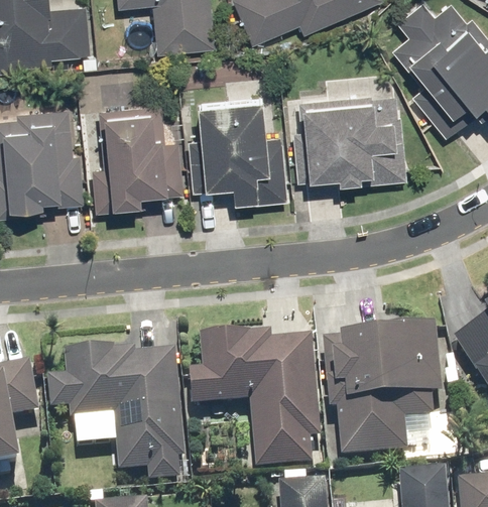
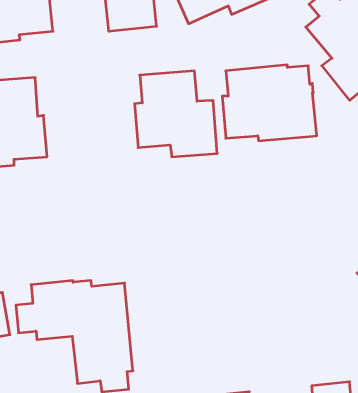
building: [92,106,165,214] -> none
building: [323,333,442,462] -> none
building: [189,338,322,473] -> none

